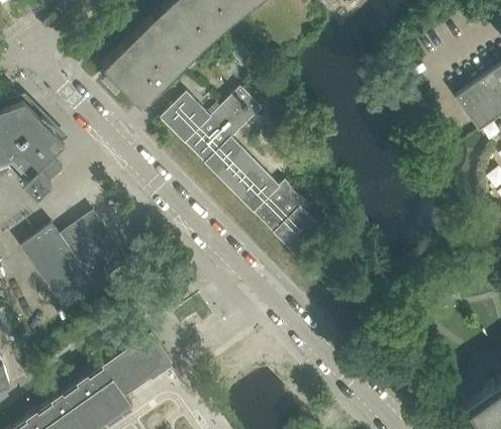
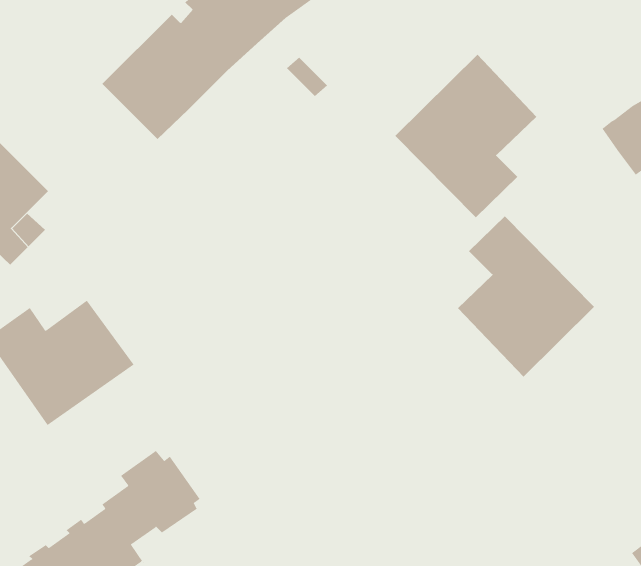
building: none -> [394,54,537,218]
building: [161,88,325,258] -> none
building: none -> [457,215,595,377]

